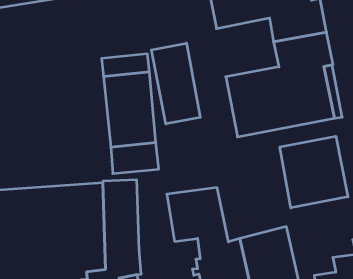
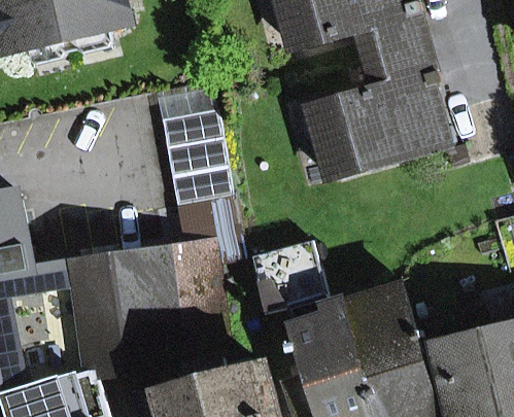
building: [151,43,200,124] -> none
building: [280,136,348,208] -> none

